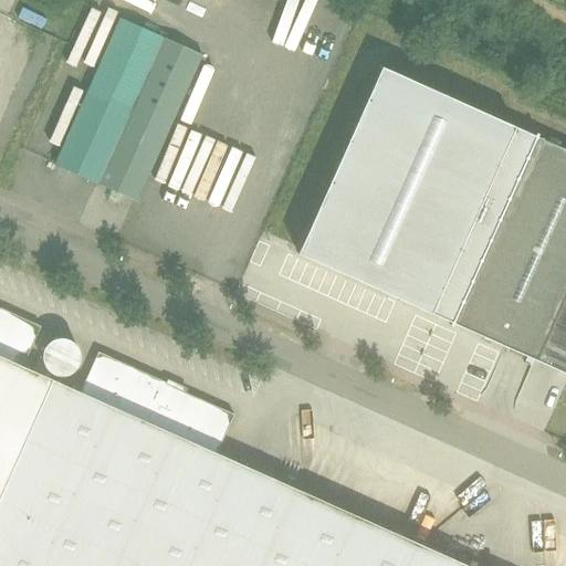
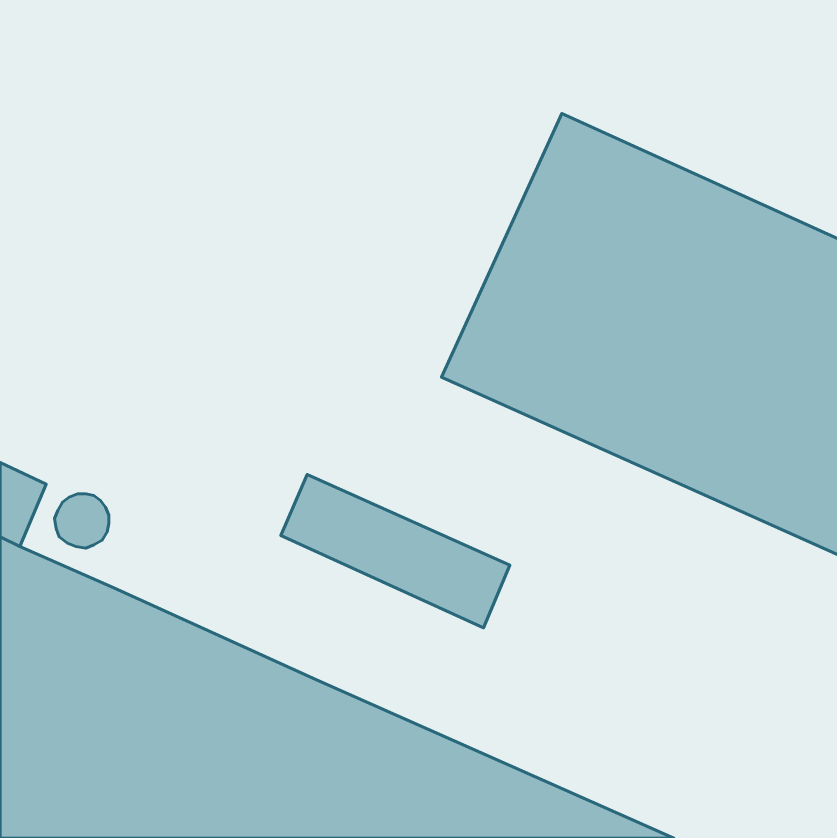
building: [52,17,207,198] -> none
building: [80,354,233,457] -> [281,475,510,628]

